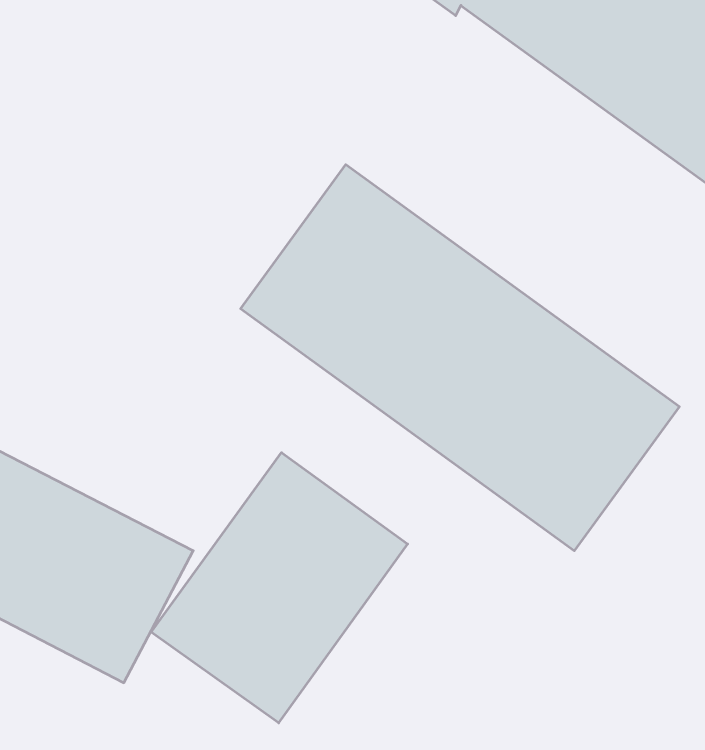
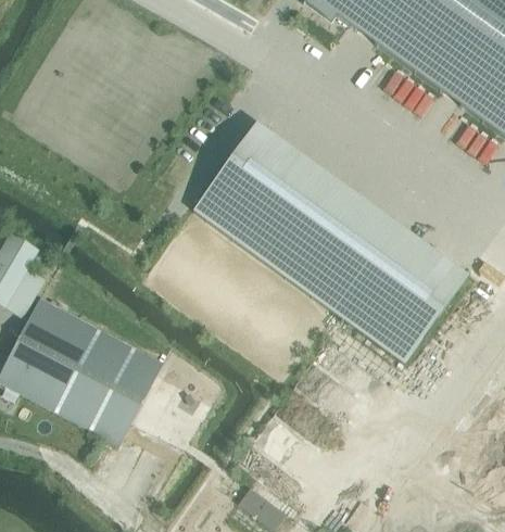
building: [151,453,408,723] -> none

